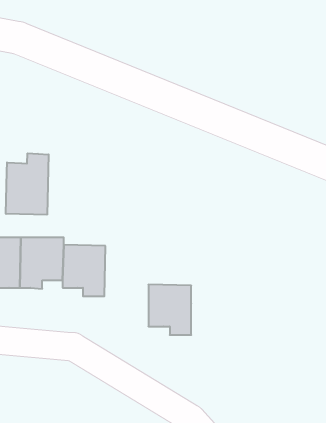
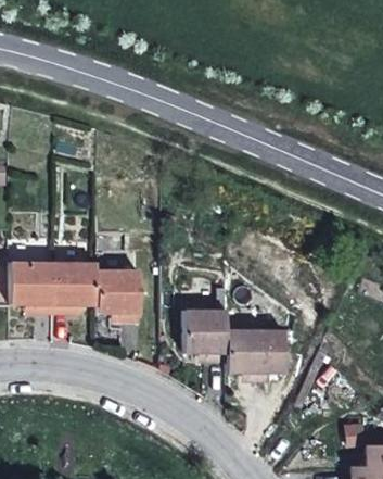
building: [6,153,49,215] -> none
building: none -> [228,328,272,380]

